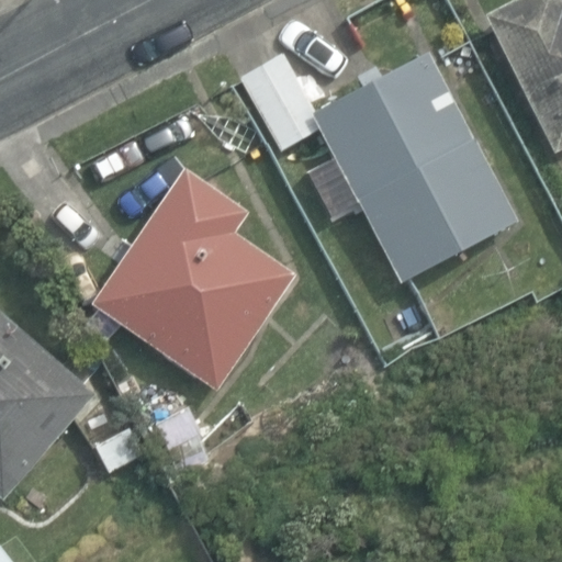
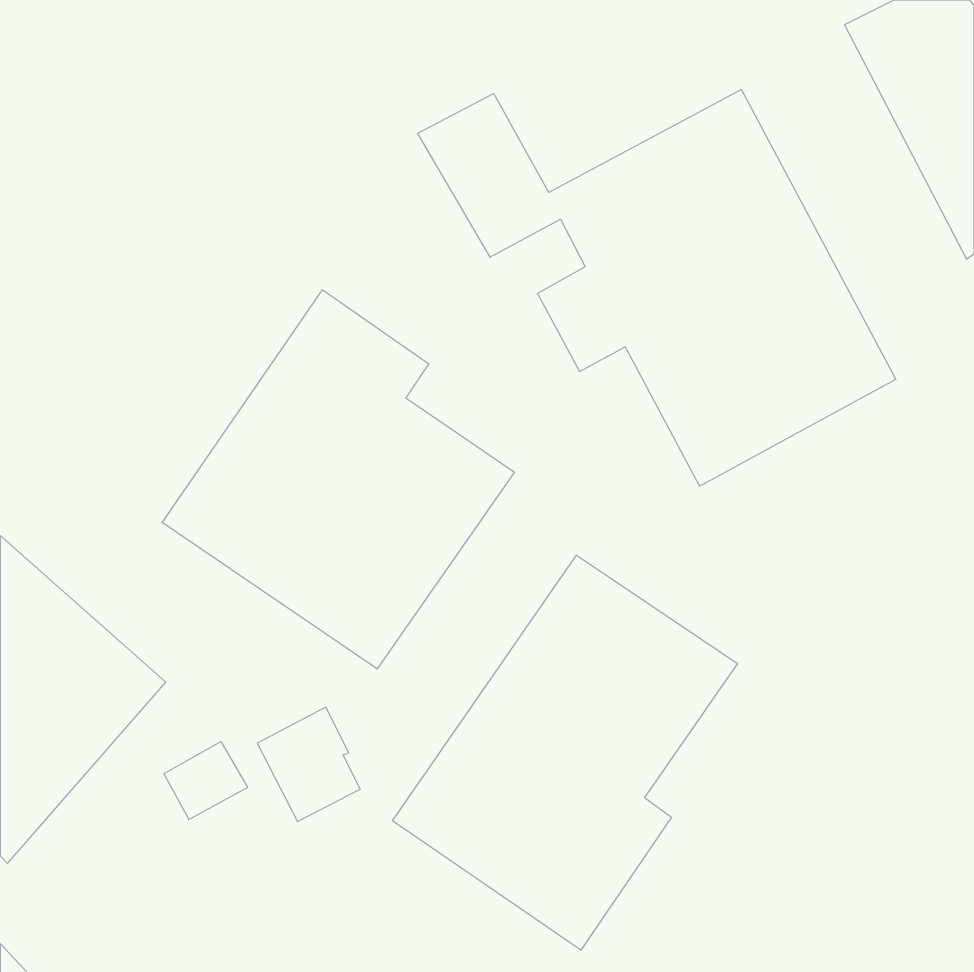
building: none -> [392,555,737,950]

